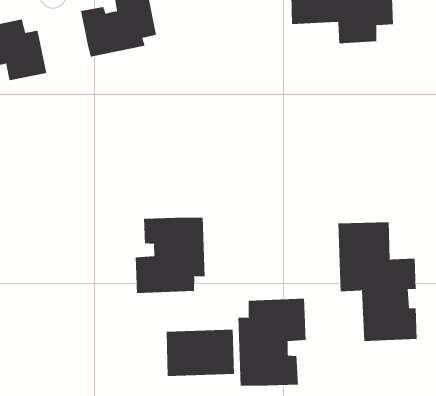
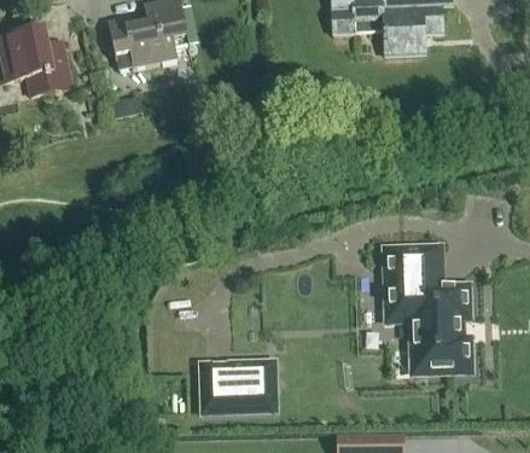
building: [135,217,205,294] -> none
building: [238,298,306,387] -> none

